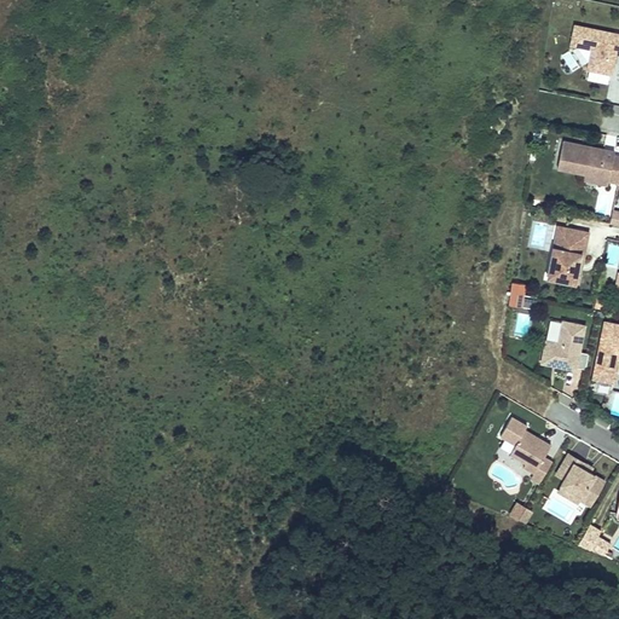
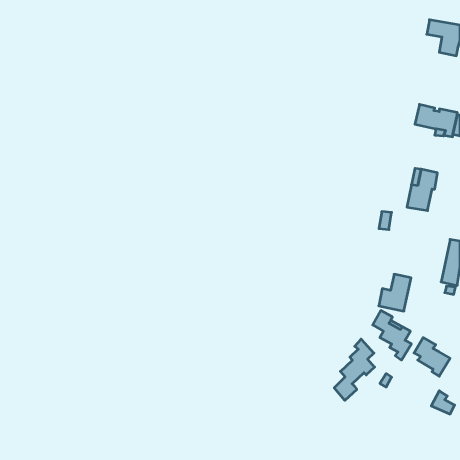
building: [542,320,585,370] -> [379,274,411,311]
building: none -> [334,339,375,400]

